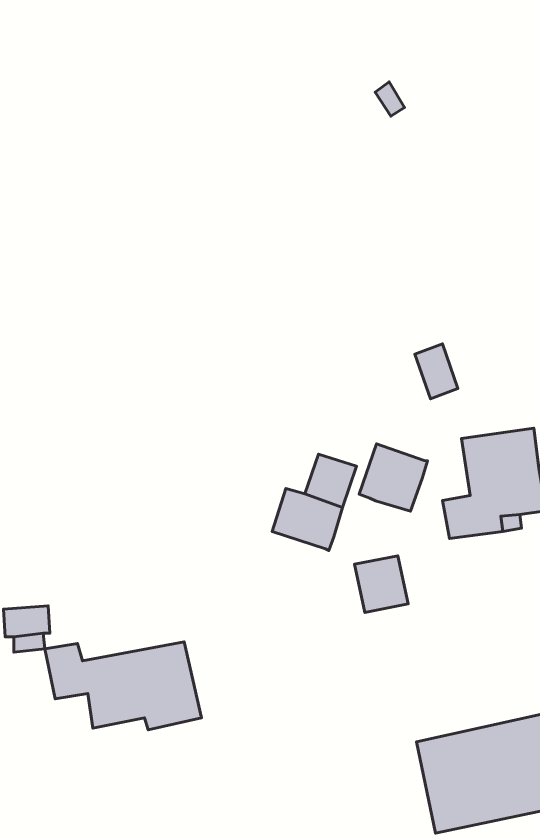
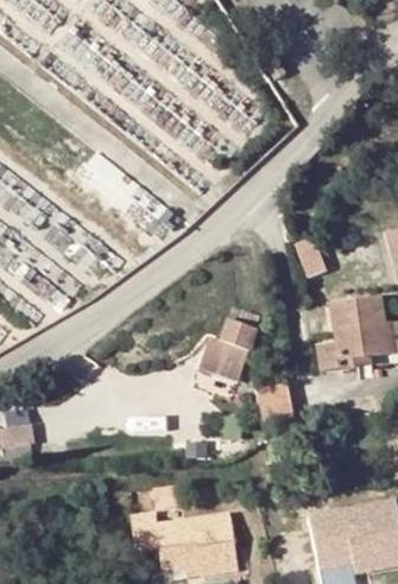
building: [359,444,428,511] -> none
building: [45,642,201,730] -> [125,512,233,572]

